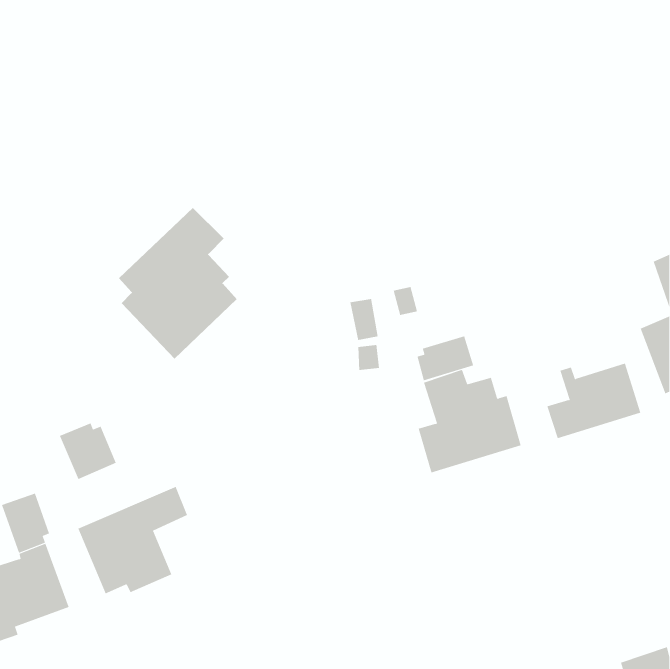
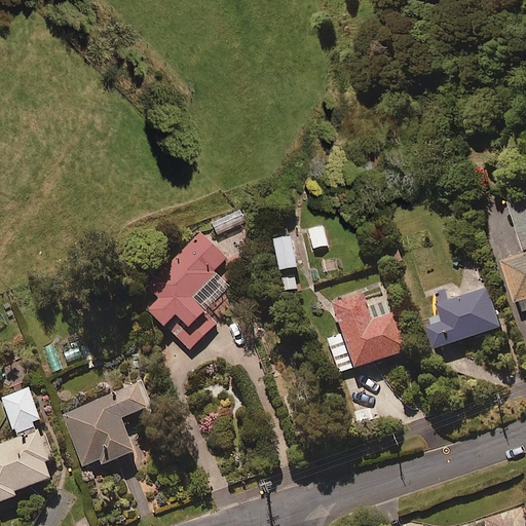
building: [118,207,238,360] -> [143,233,236,352]
building: [417,336,474,381] -> none
building: [59,423,117,480] -> none

